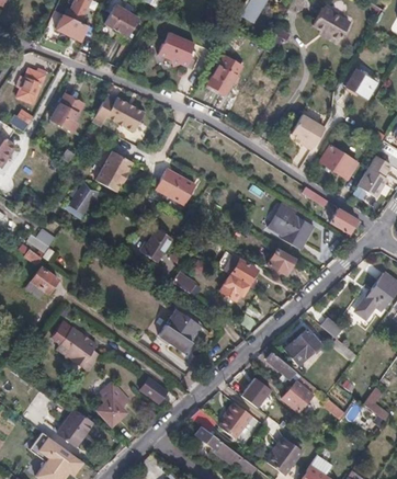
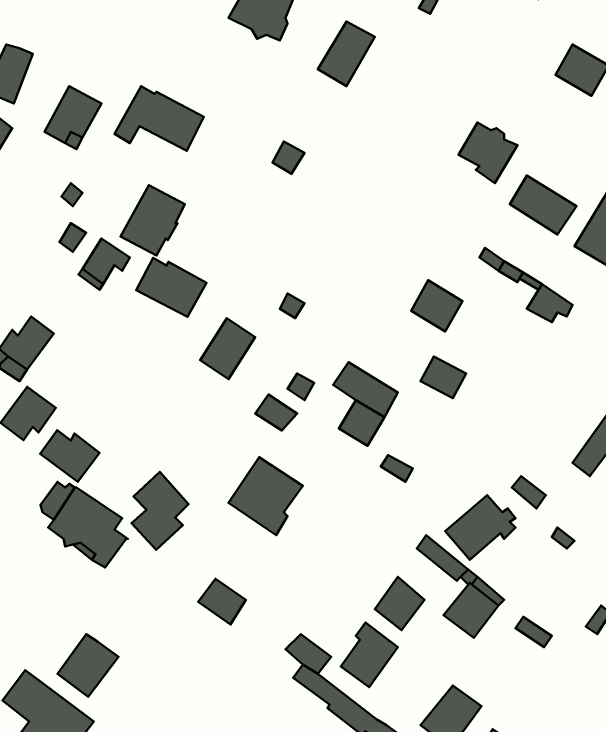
building: [154,170,194,204] -> [136,258,206,317]
building: [280,214,315,249] -> none
building: none -> [40,430,99,482]
building: [97,380,129,425] -> [131,472,188,550]

